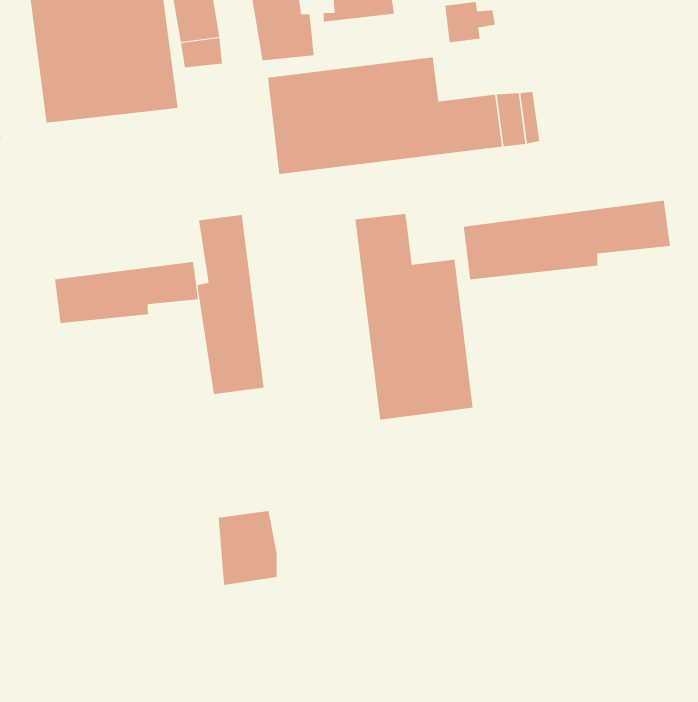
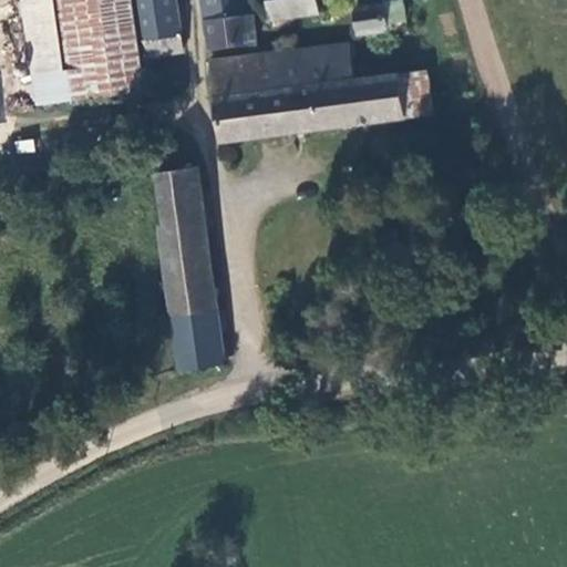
building: [463,200,671,280] -> none
building: [355,213,473,420] -> none
building: [55,261,199,324] -> none
building: [218,511,278,585] -> [171,310,218,370]

